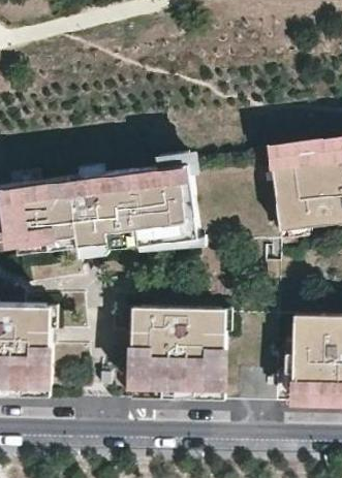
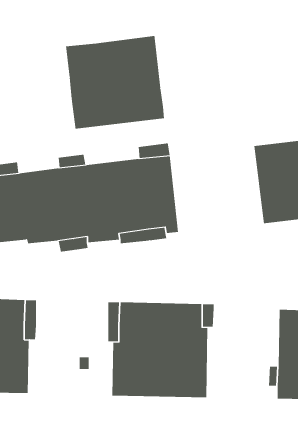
building: none -> [65,35,165,129]

